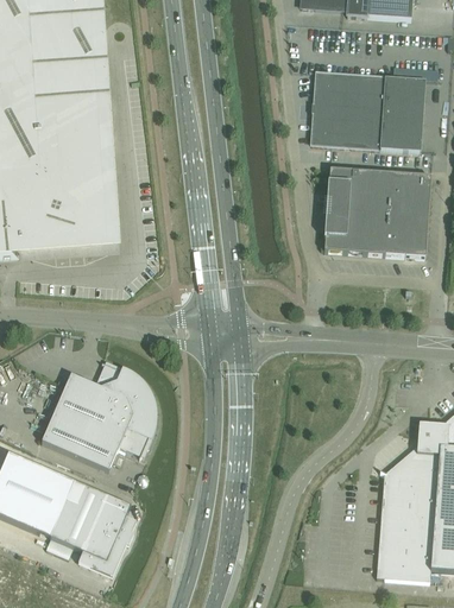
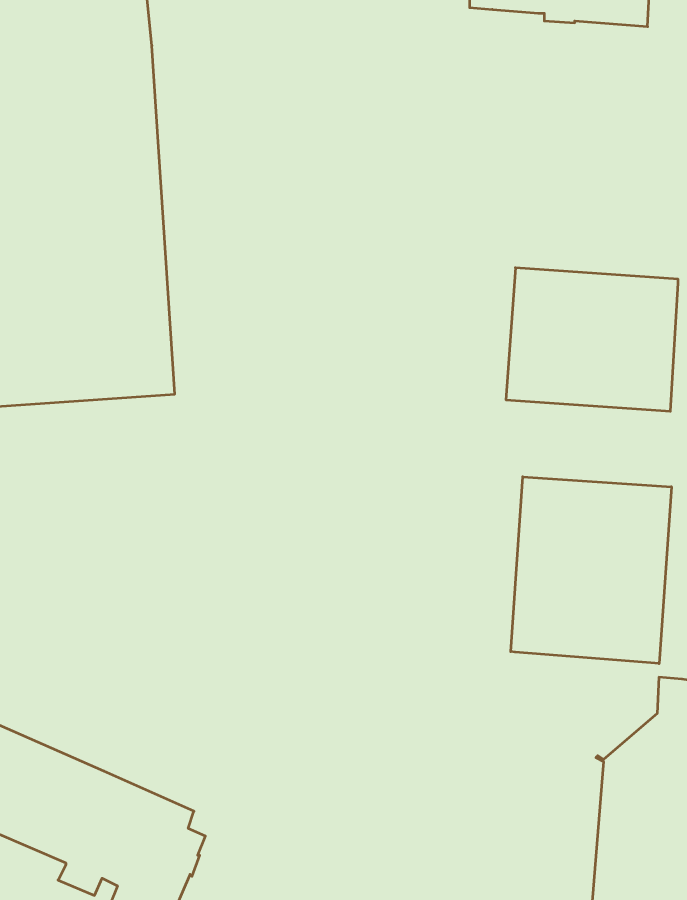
building: [310,71,425,151] -> none
building: none -> [511,477,671,664]
building: [42,362,153,470] -> none

